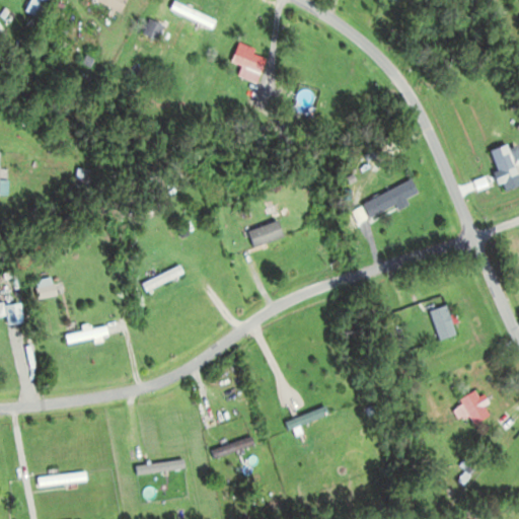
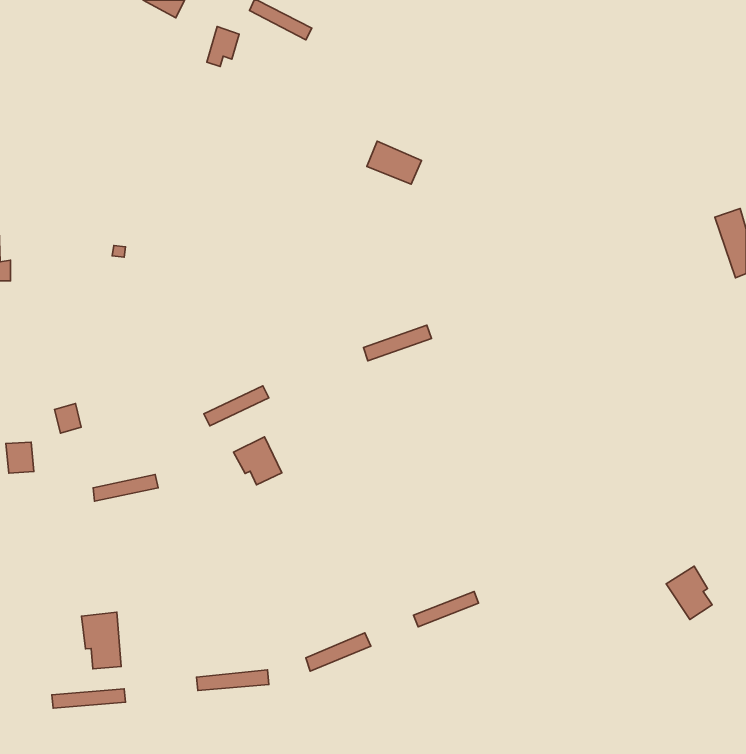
building: [232,44,270,73] -> [367,141,422,184]
building: [364,180,419,216] -> none
building: none -> [234,437,282,485]
building: [431,306,454,340] -> none
building: none -> [82,612,121,669]

